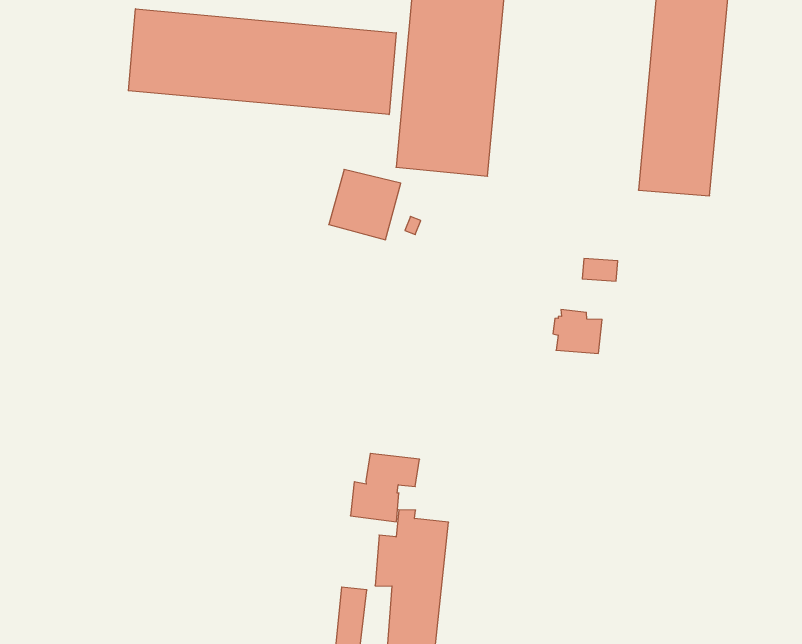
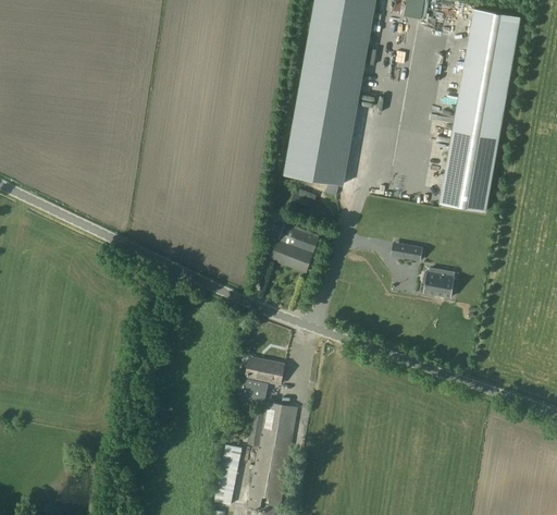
building: [128,9,396,115] -> none
building: [329,169,401,240] -> [269,225,318,273]
building: [553,310,602,353] -> [421,268,454,298]

